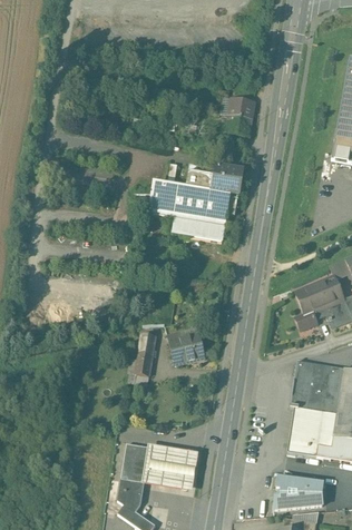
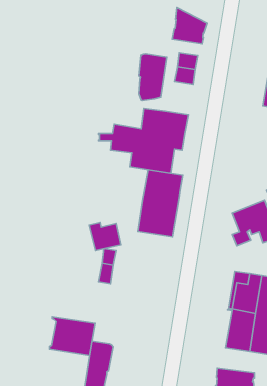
building: none -> [172,8,207,44]
building: none -> [139,54,167,100]
building: none -> [138,170,183,237]
building: [167,330,205,363] -> [89,223,121,250]
building: [145,444,199,491] -> [50,317,95,356]

